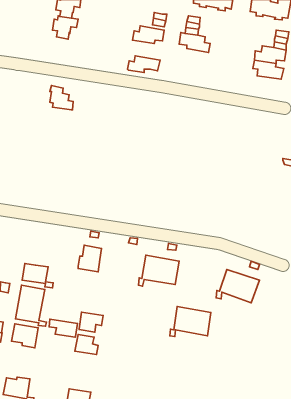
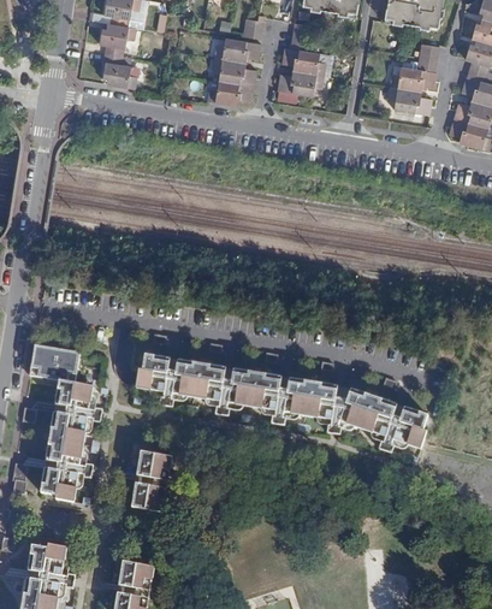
building: none -> [212,58,256,87]
building: none -> [277,70,324,95]
building: [50,85,73,110] -> [102,53,136,88]
building: none -> [34,345,81,383]
building: none -> [166,360,226,404]
building: none -> [386,407,428,449]
building: [170,307,211,337] -> [278,378,337,421]
building: [49,319,77,337] -> none

